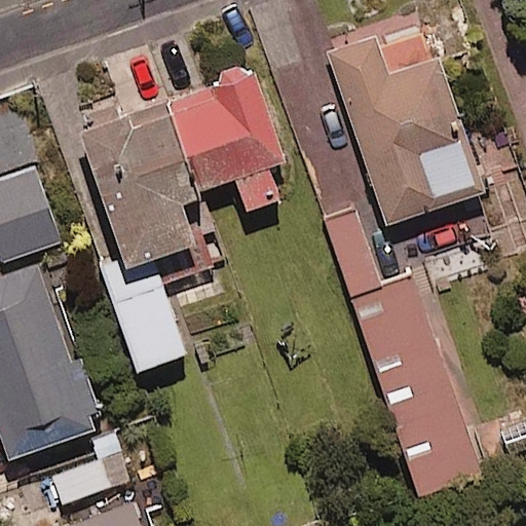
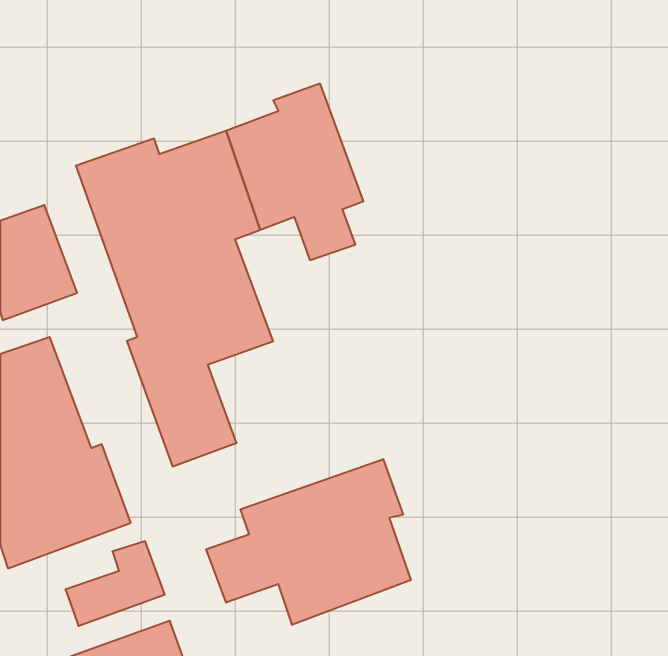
building: [329,33,485,223] -> none
building: [325,211,480,478] -> none
building: none -> [206,459,411,625]

